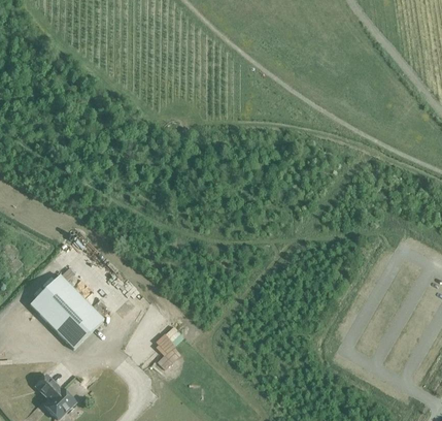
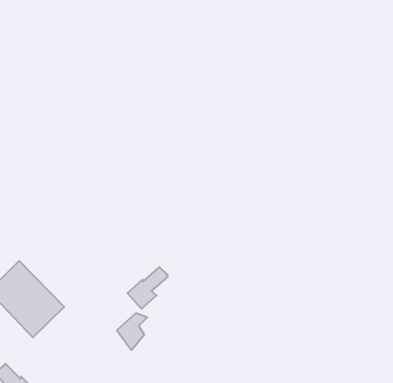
building: none -> [127,267,168,309]

